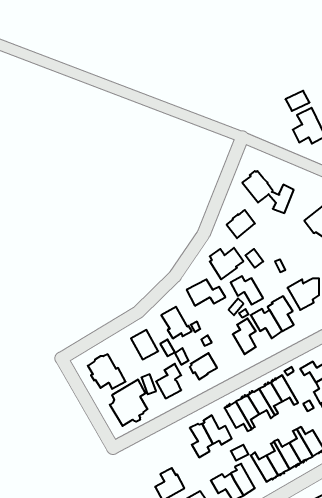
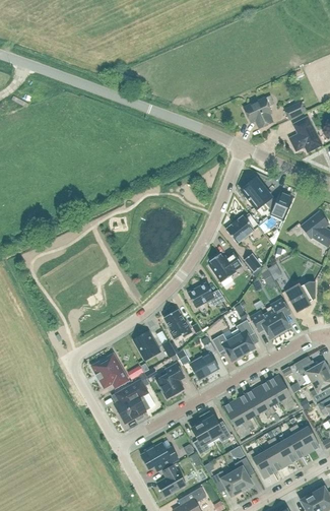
building: none -> [245,95,274,127]
building: [231,276,263,305] -> [212,333,244,361]
building: none -> [141,443,179,471]

